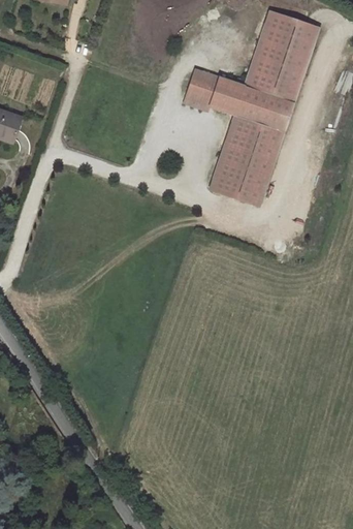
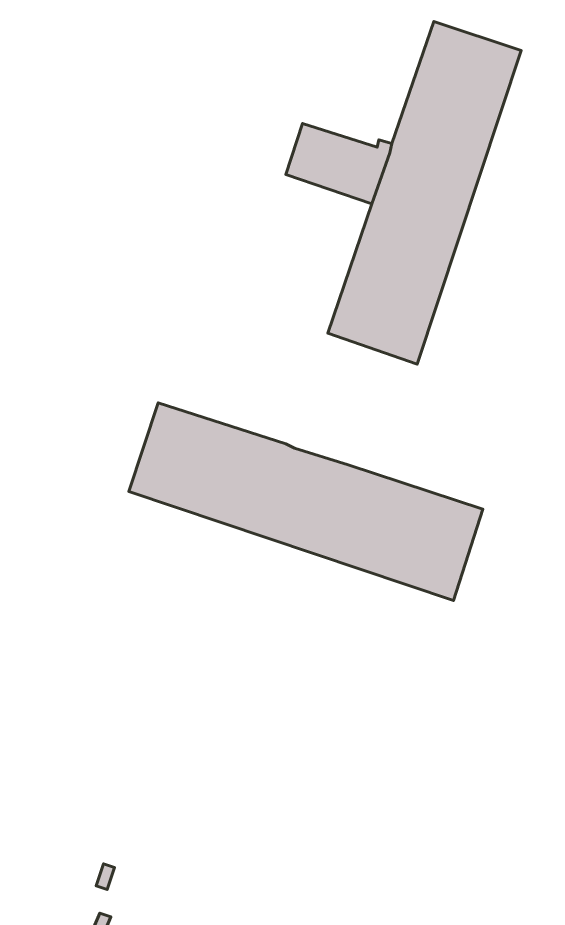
building: none -> [129,403,483,600]

